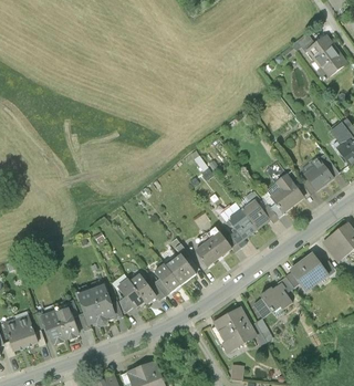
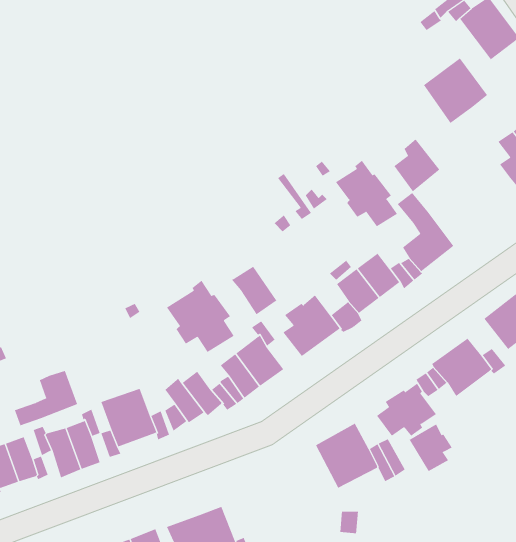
building: none -> [423,57,488,124]
building: none -> [335,160,398,227]
building: [303,156,333,190] -> [393,138,440,192]
building: none -> [231,266,277,315]
building: none -> [166,280,235,353]
building: none -> [14,370,78,426]
building: none -> [408,423,453,472]

